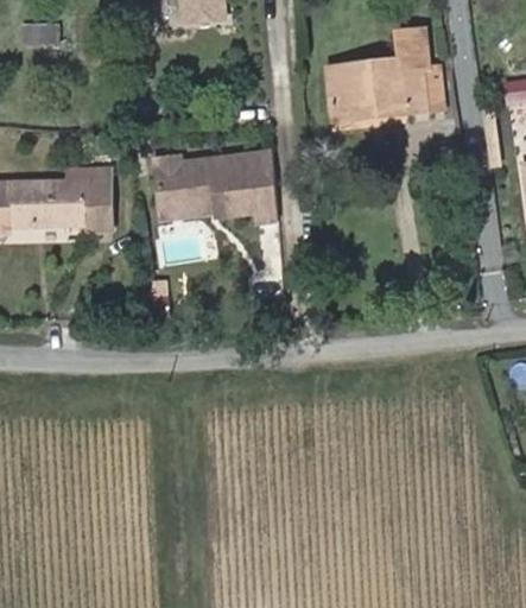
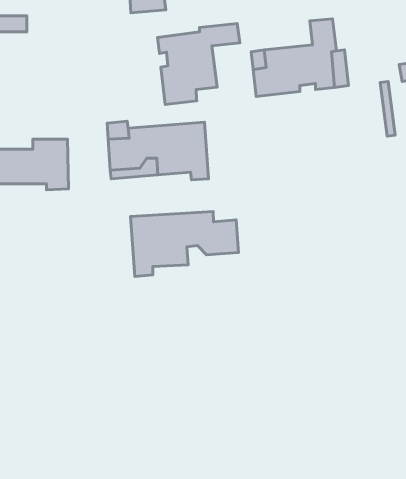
building: none -> [157,23,240,104]
building: none -> [131,211,239,276]

